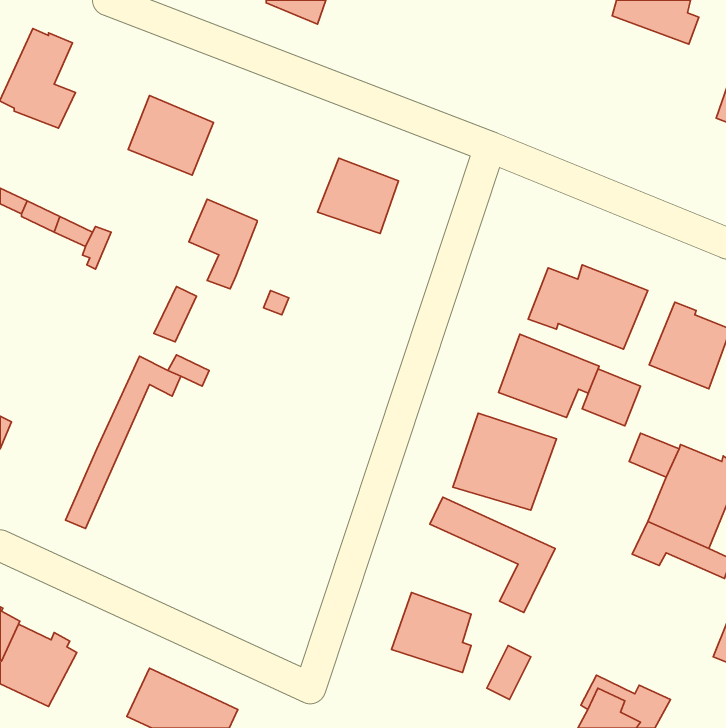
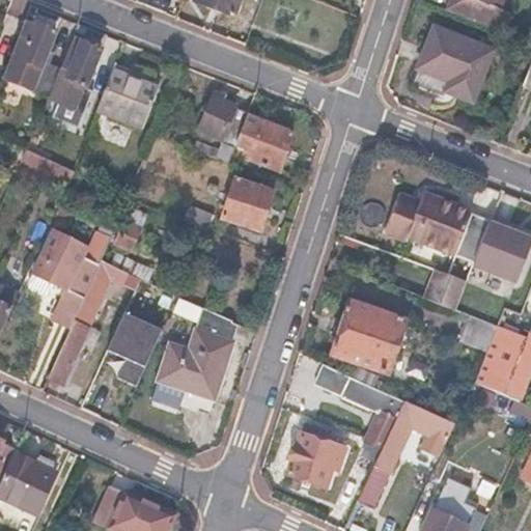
building: none -> [413,27,492,103]
building: none -> [44,36,102,125]
building: [189,199,257,289] -> [198,99,248,164]
building: none -> [222,179,274,230]
building: none -> [30,229,111,327]
building: [498,334,599,417] -> none
building: none -> [156,307,233,401]
building: none -> [107,312,162,386]
building: none -> [374,399,453,472]

